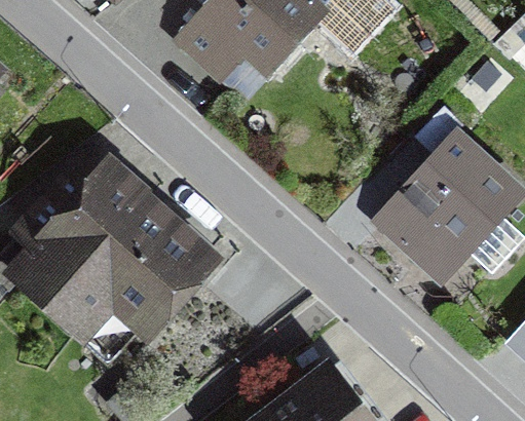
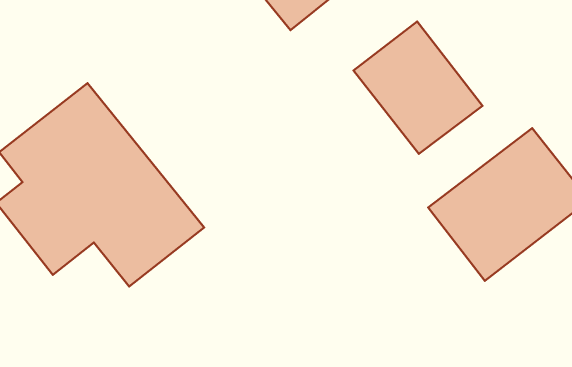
building: none -> [354,22,482,154]

